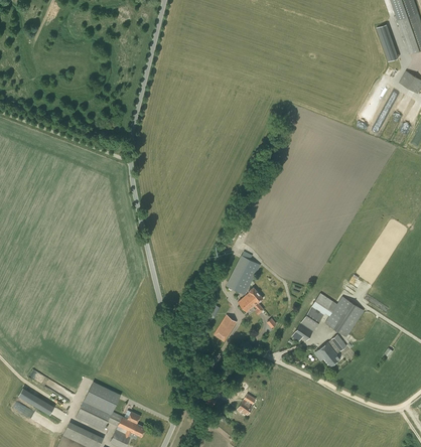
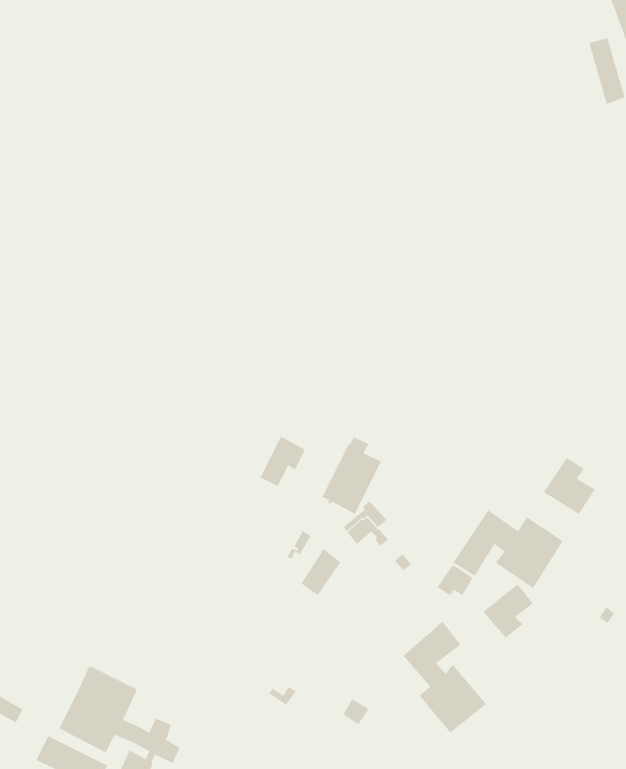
building: none -> [260,436,305,487]
building: none -> [543,457,595,515]
building: none -> [402,621,487,733]

